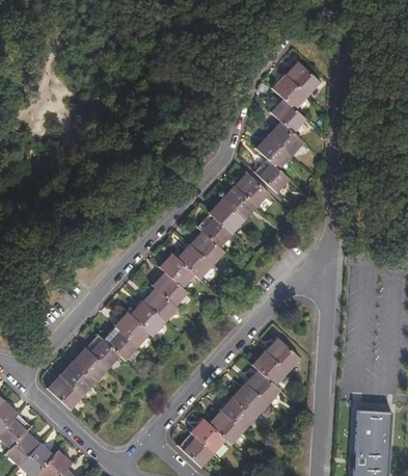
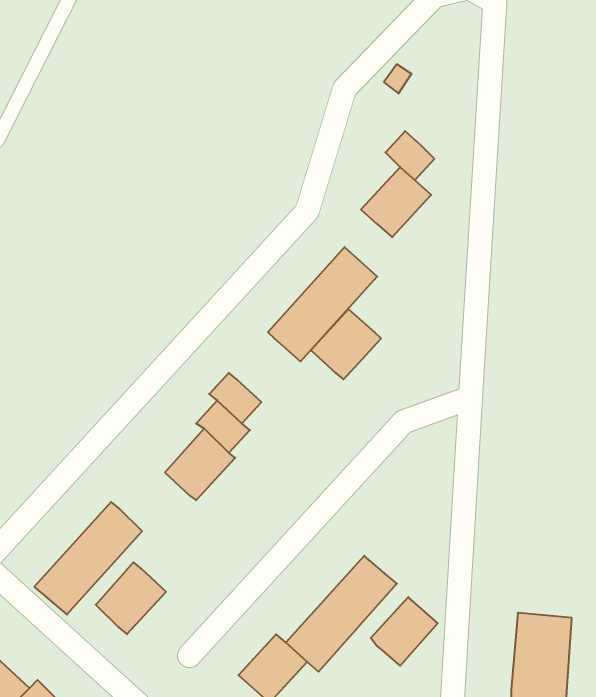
building: [275,63,321,109] -> none
building: [257,159,289,190] -> none
building: [180,232,224,276] -> [311,309,381,379]
building: [105,313,149,359] -> [96,562,166,634]
building: [256,339,299,382] -> [371,597,438,666]

